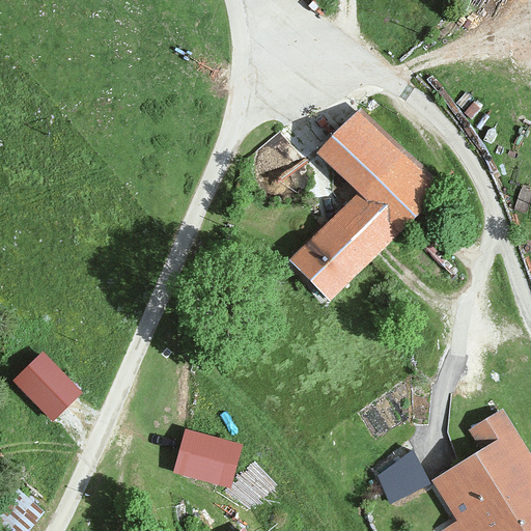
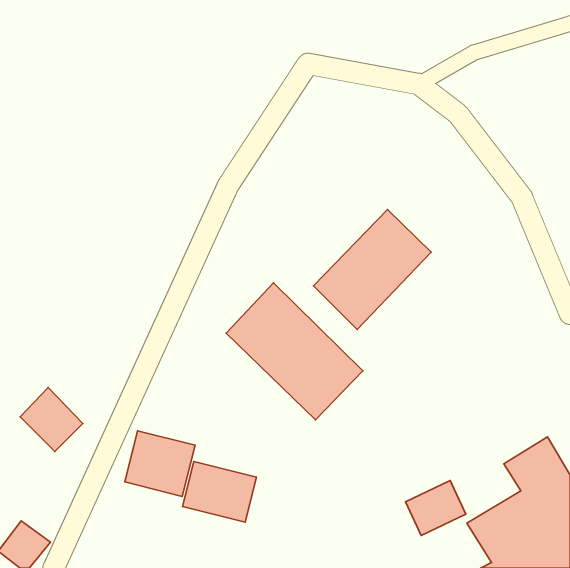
building: [318,111,442,233] -> none
building: none -> [226,283,363,420]
building: none -> [125,431,195,496]

